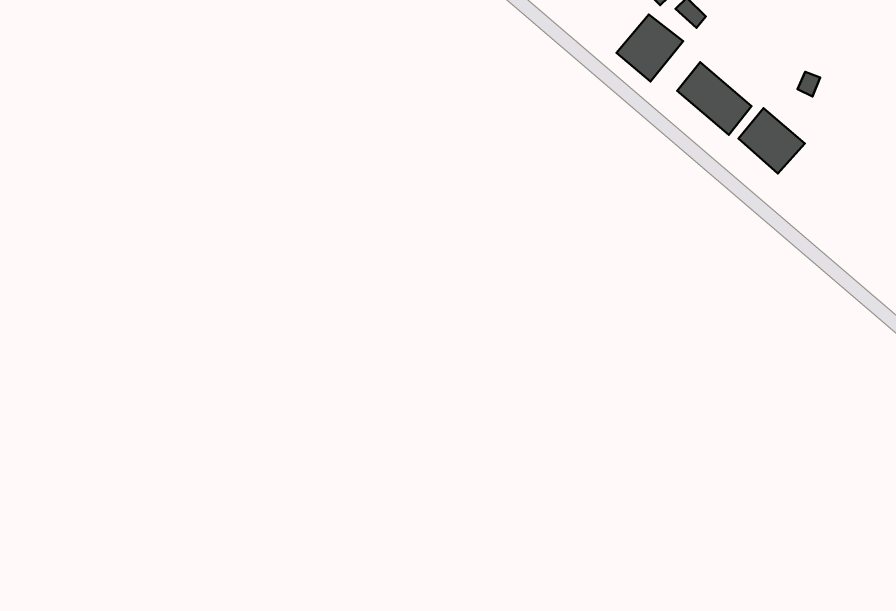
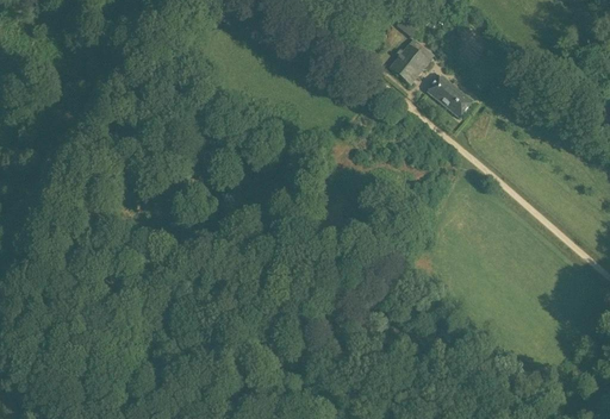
building: [739,108,805,174] -> none

